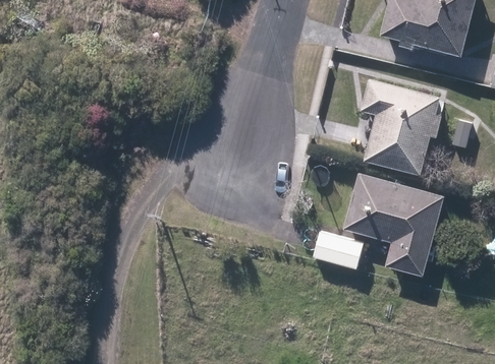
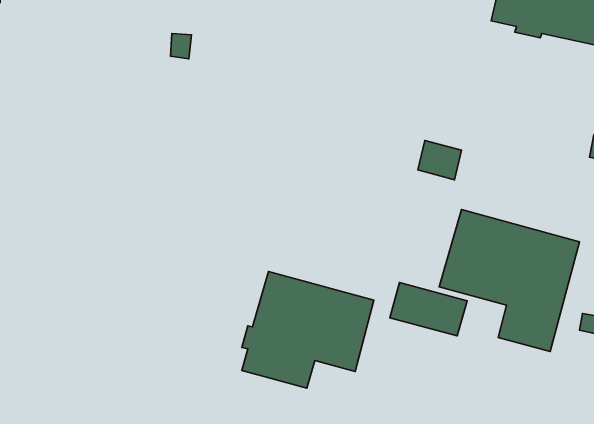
building: [361,79,441,175] -> none
building: none -> [242,271,374,388]

